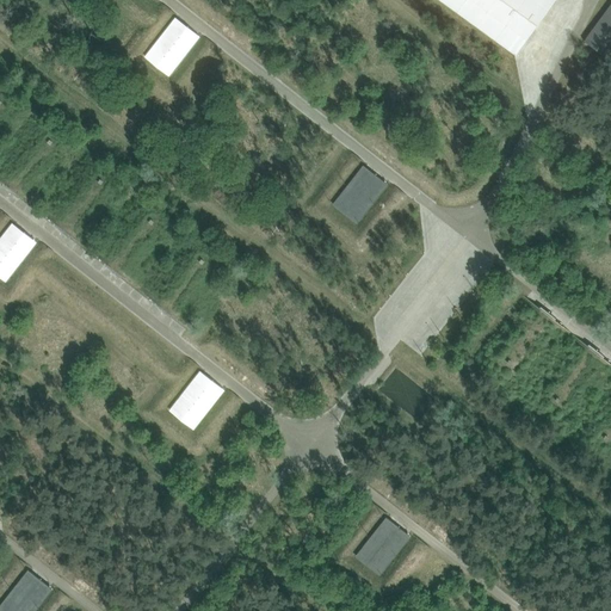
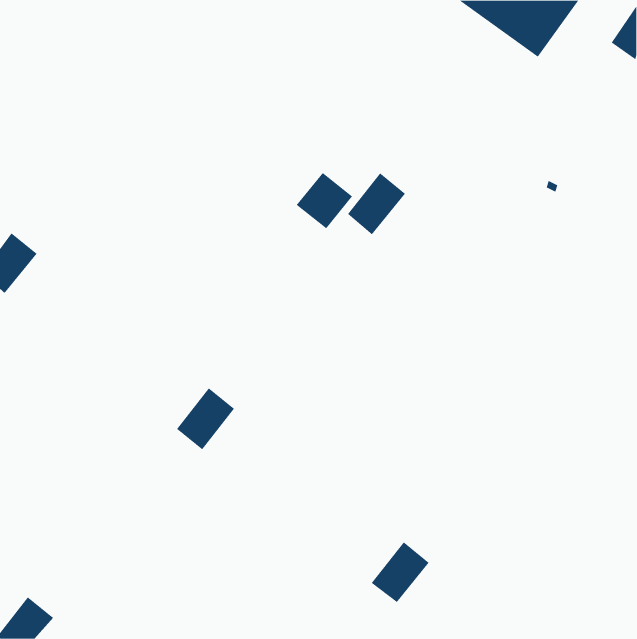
building: [143,17,199,76] -> none
building: none -> [296,172,353,229]

